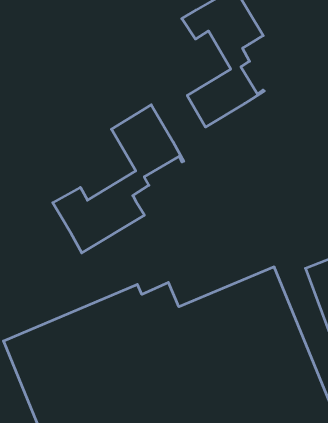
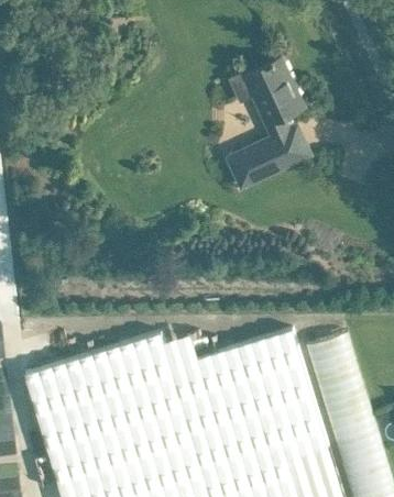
building: [53,105,184,253] -> none

